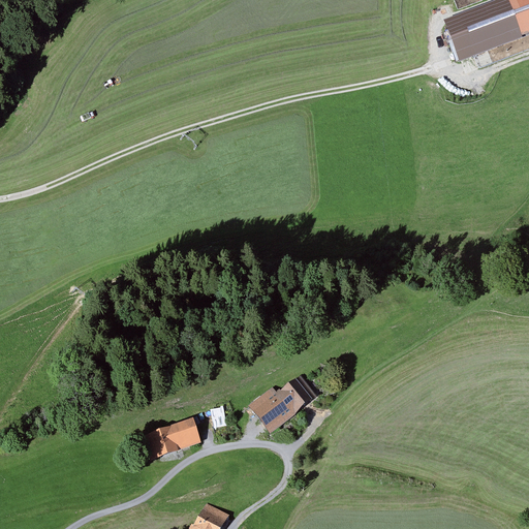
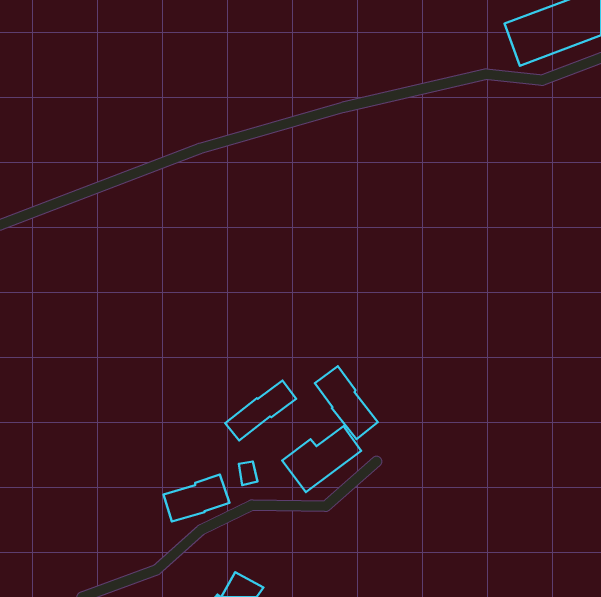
building: none -> [315,366,378,439]
building: none -> [225,380,296,440]

